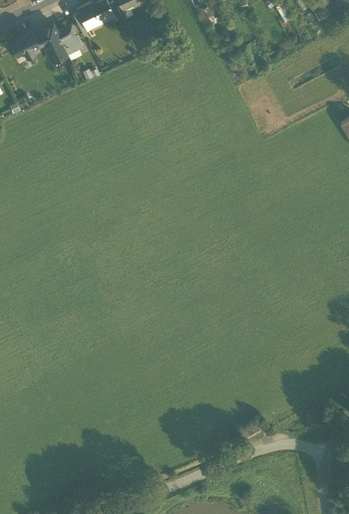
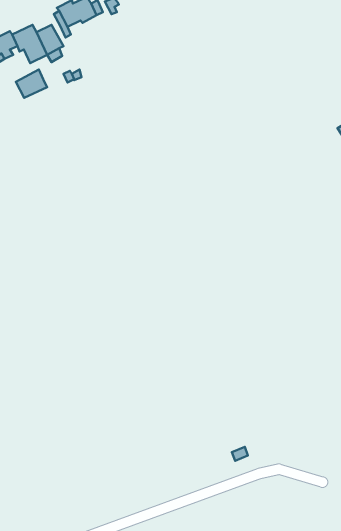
building: none -> [16,70,47,98]

